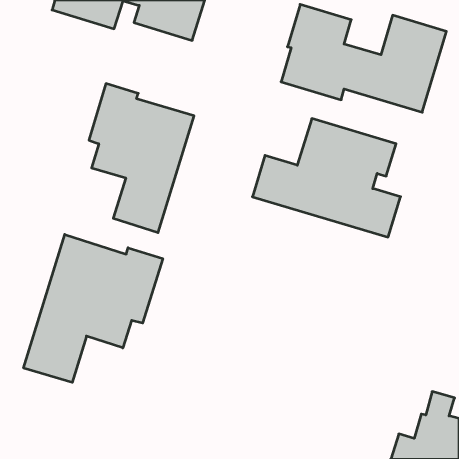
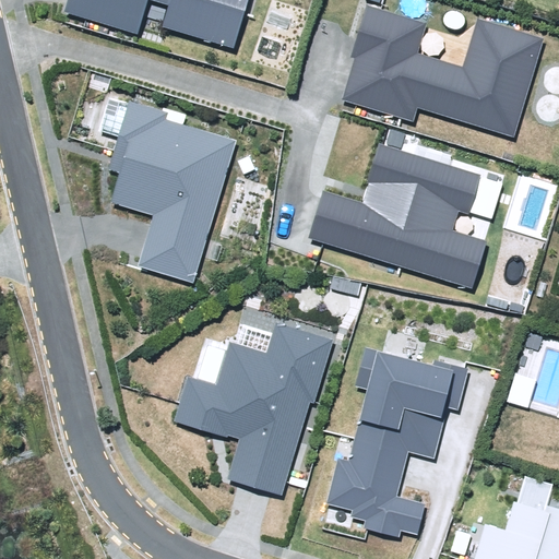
building: [24,234,163,382] -> none
building: none -> [176,324,332,495]
building: none -> [326,347,468,538]

